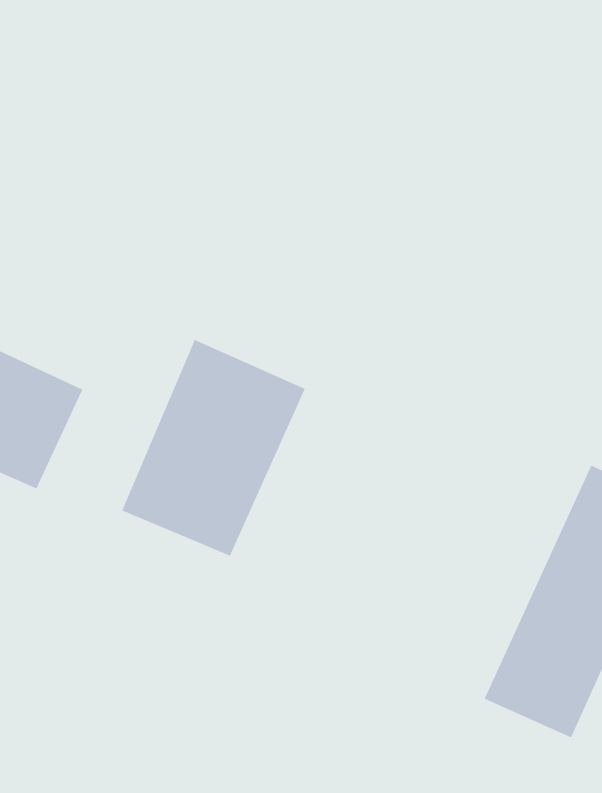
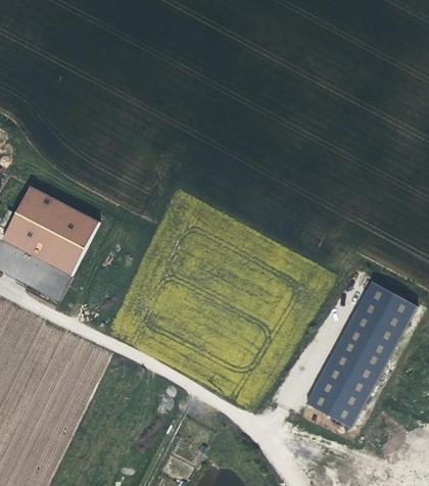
building: [121,339,306,556] -> none

